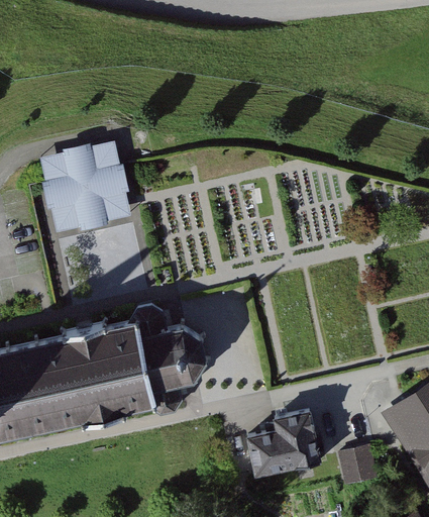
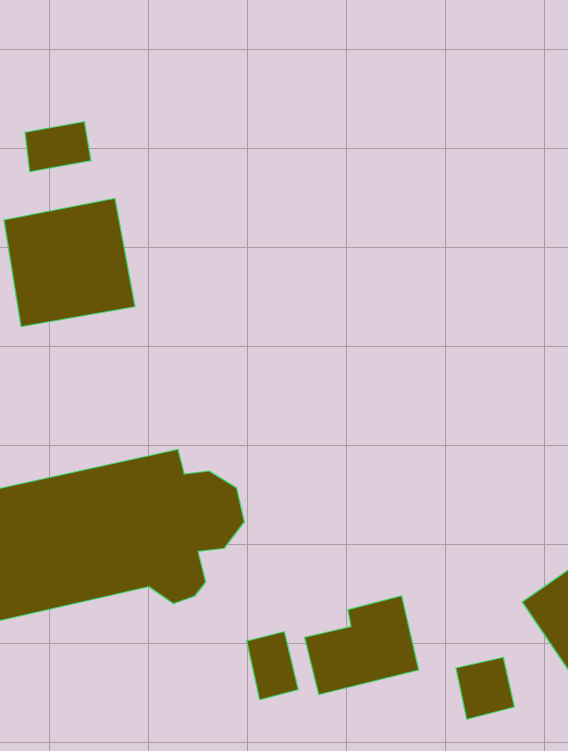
building: none -> [25,122,91,172]
building: none -> [247,632,298,700]

